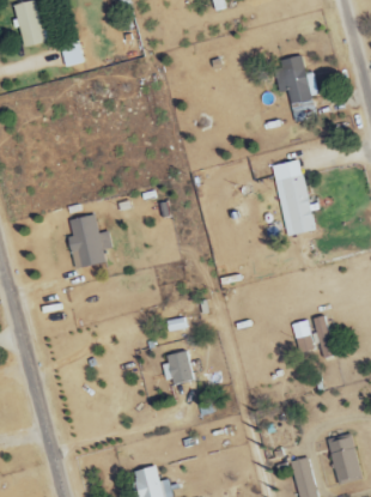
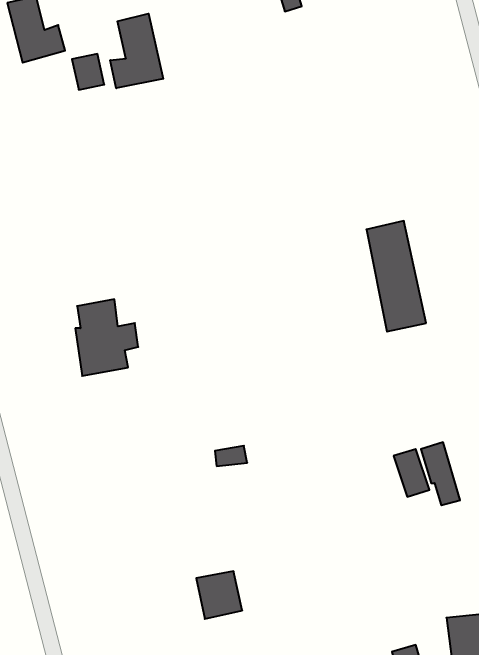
building: none -> [110,14,163,88]
building: [274,57,320,120] -> none
building: [163,350,195,383] -> [196,571,242,619]

